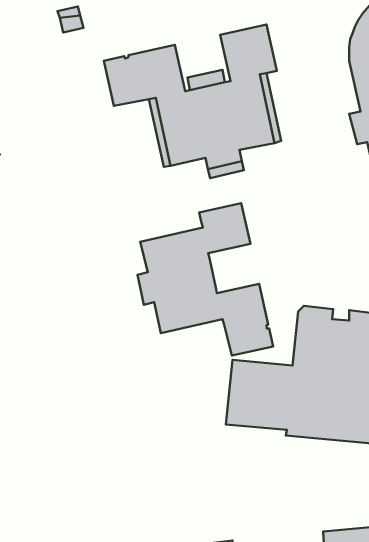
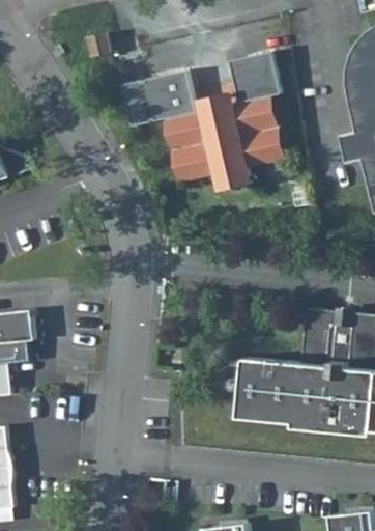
building: [138,203,273,355] -> none

